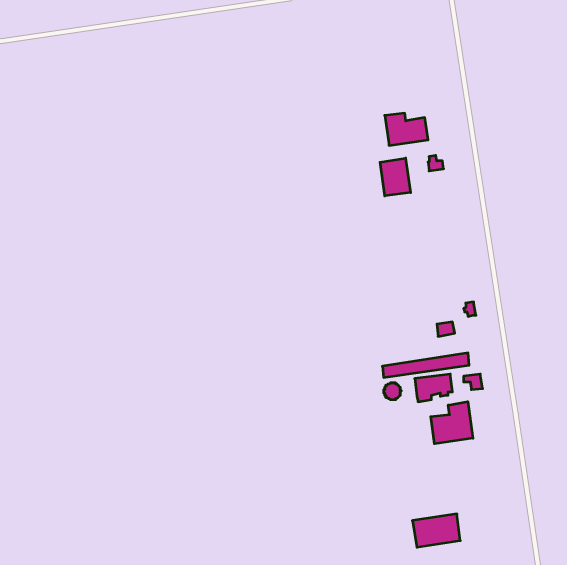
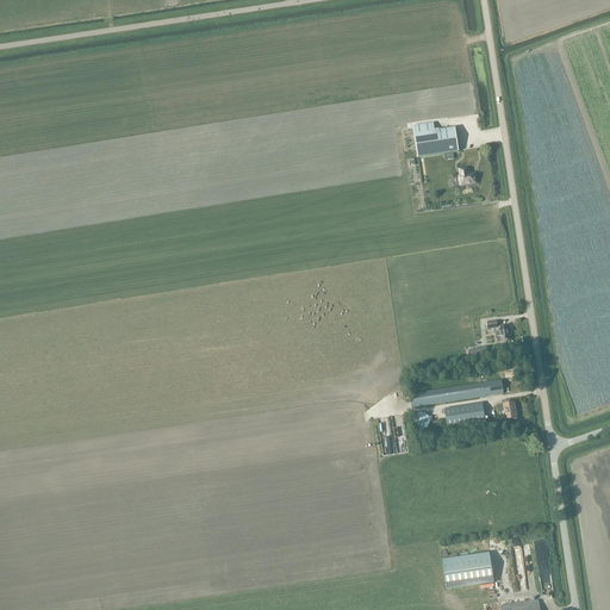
building: [380,158,411,196] -> none
building: [431,402,473,444] -> none

